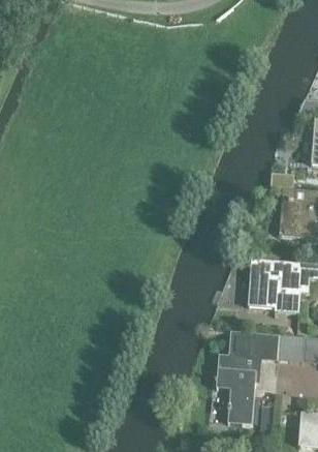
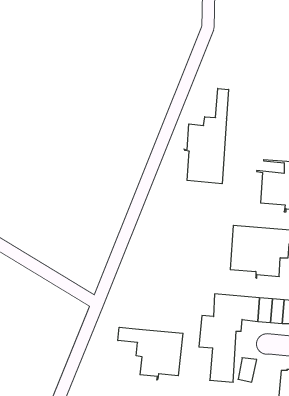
building: none -> [184,88,229,184]
building: none -> [118,327,183,380]

